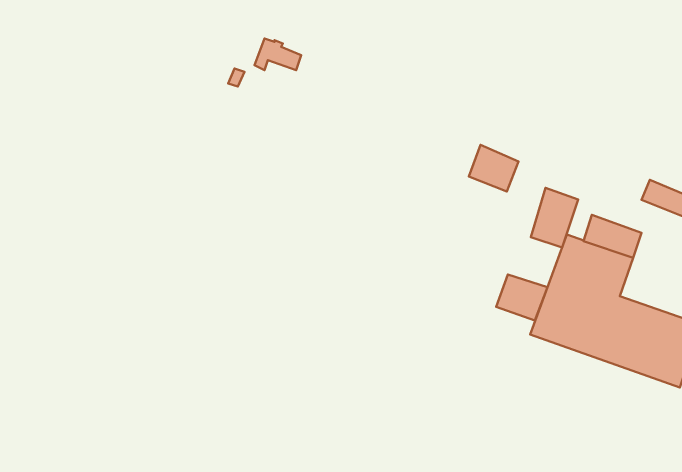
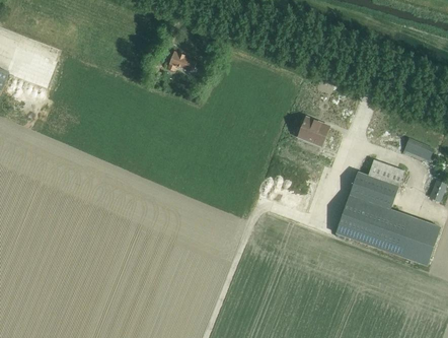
building: [531,188,578,248] -> none
building: [496,275,548,321] -> none

